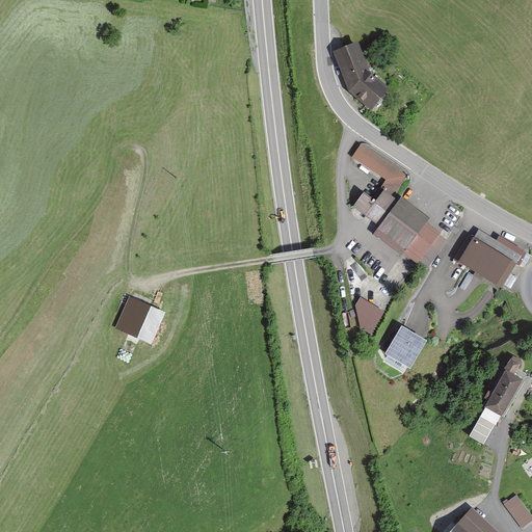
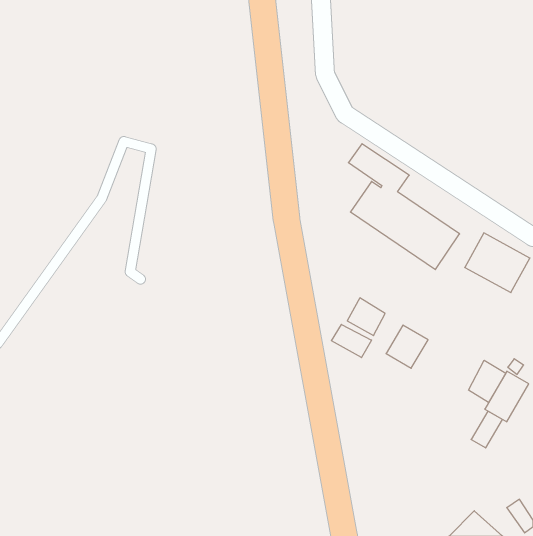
building: [335,39,396,112] -> none
building: [117,299,174,347] -> none
building: none -> [331,324,372,358]
building: none -> [469,360,506,403]

